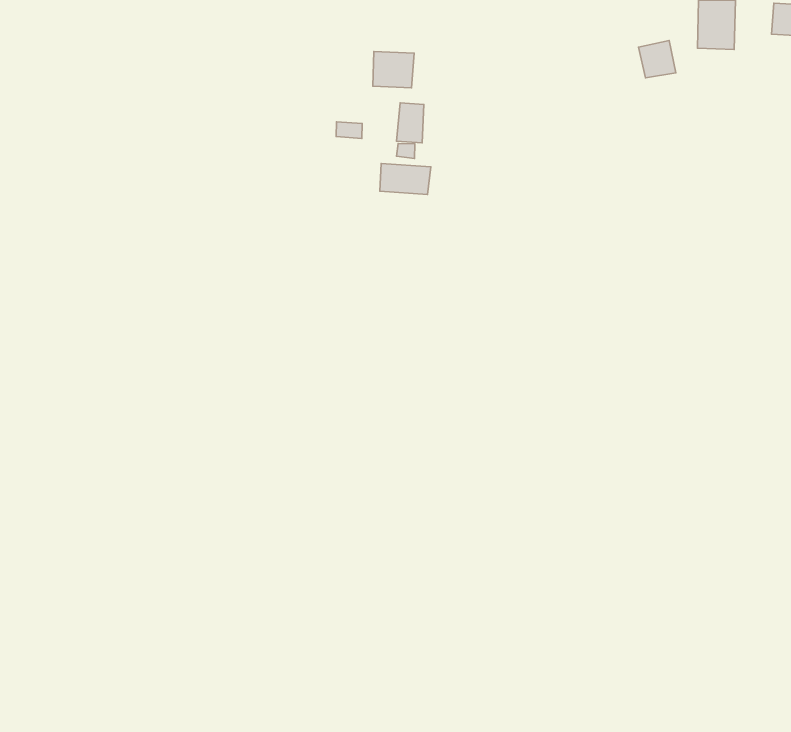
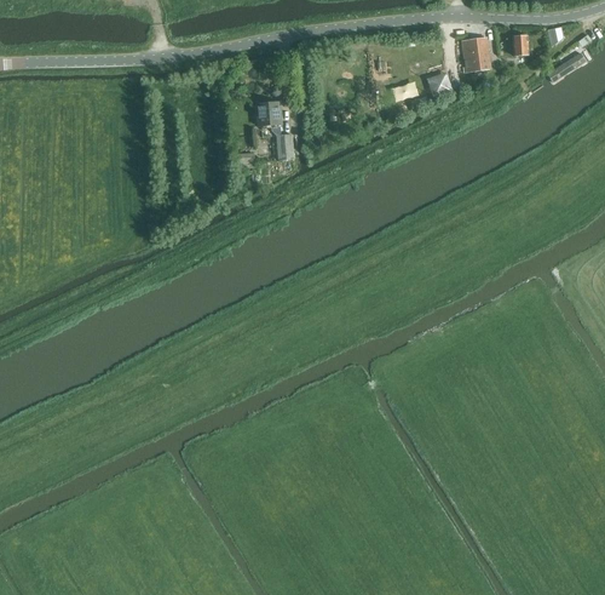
building: [380,164,431,195] -> none

